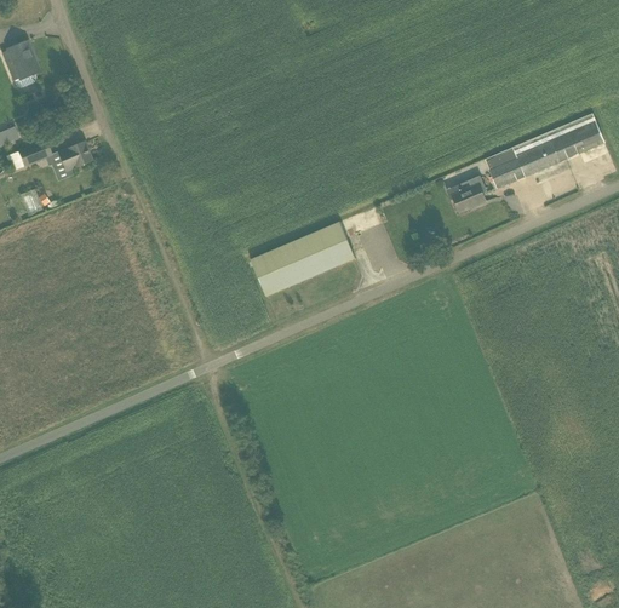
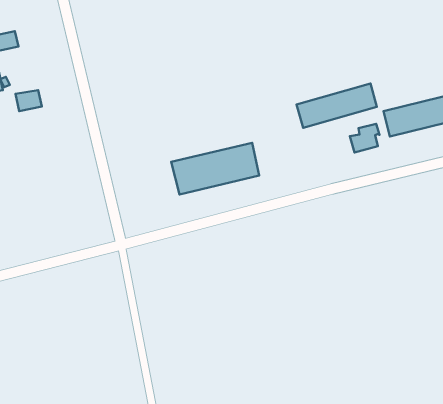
building: none -> [297,84,377,128]
building: [59,140,92,168] -> [16,90,42,111]

